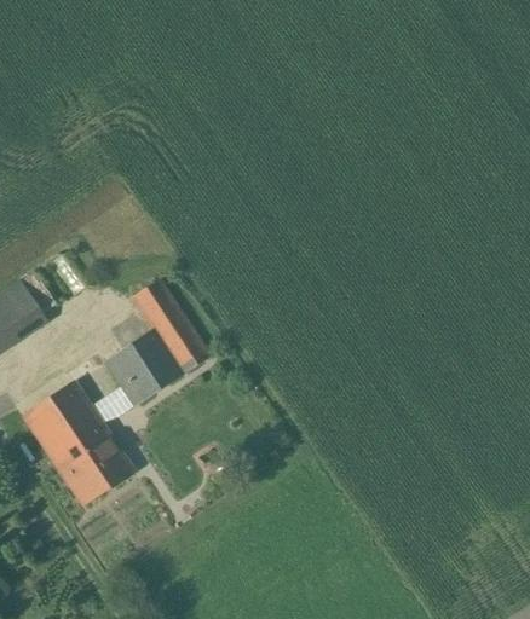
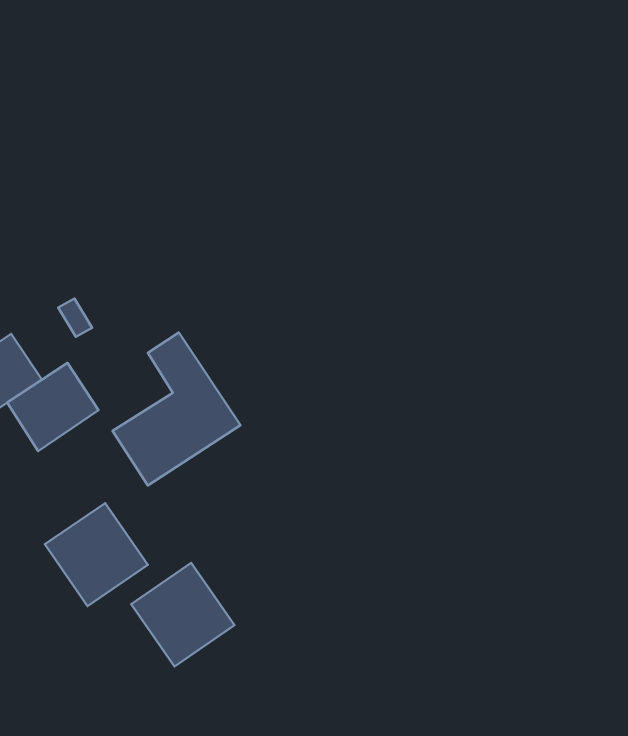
building: [23,381,98,453] -> [7,363,98,451]
building: none -> [131,563,235,666]

